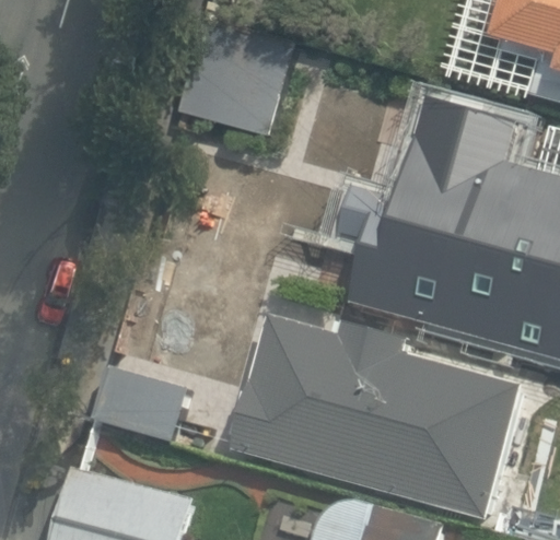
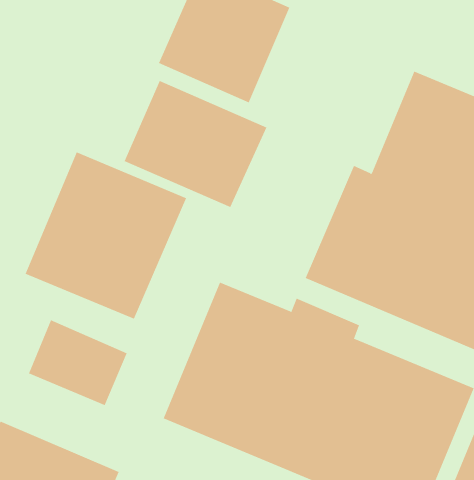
building: none -> [124,80,267,208]
building: none -> [25,151,187,320]

